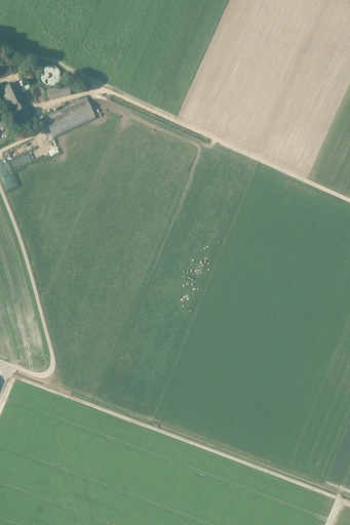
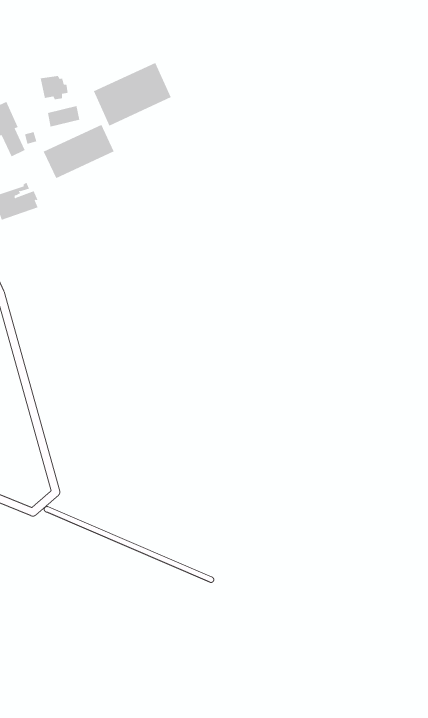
building: none -> [93,62,171,126]

